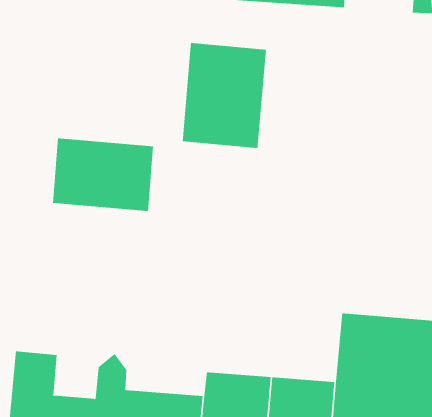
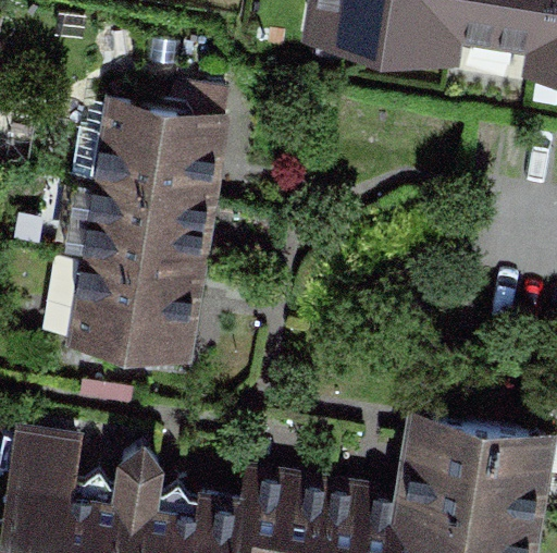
building: [182,42,266,149] -> none
building: none -> [72,88,225,202]
building: none -> [50,257,196,358]

